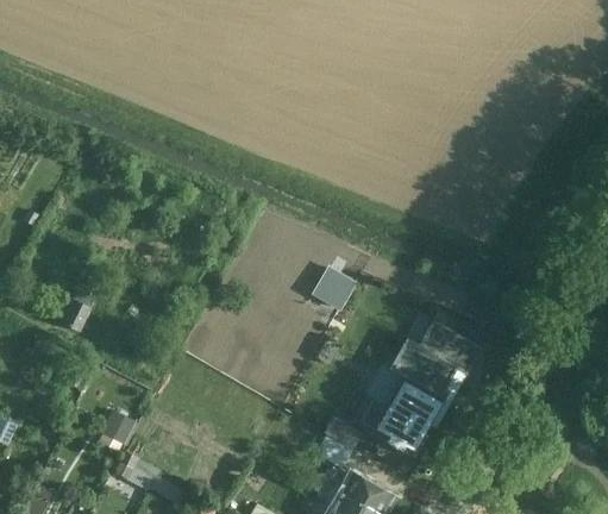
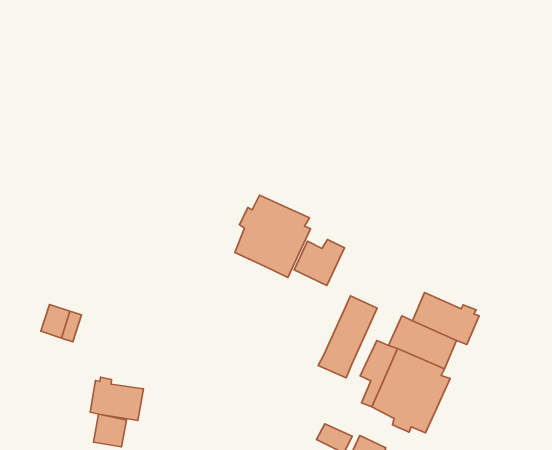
building: none -> [235,195,311,277]
building: none -> [318,296,377,378]
building: none -> [90,377,143,421]

